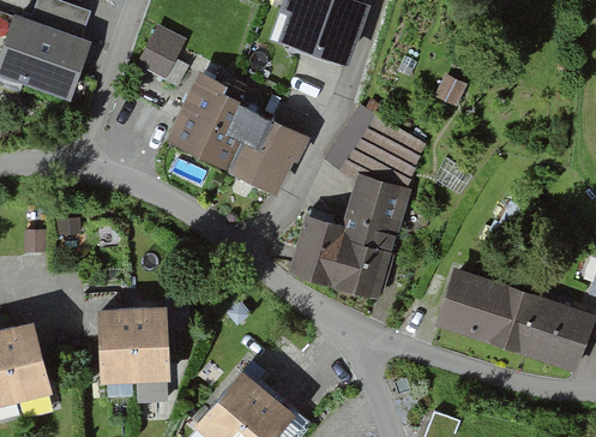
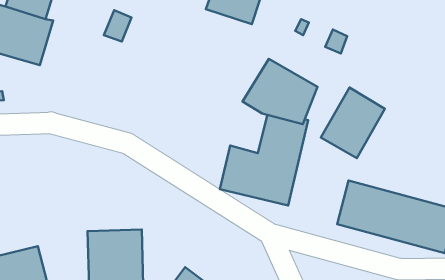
building: [177,80,311,196] -> none
building: none -> [321,88,385,158]

